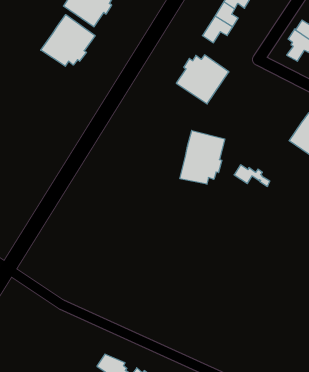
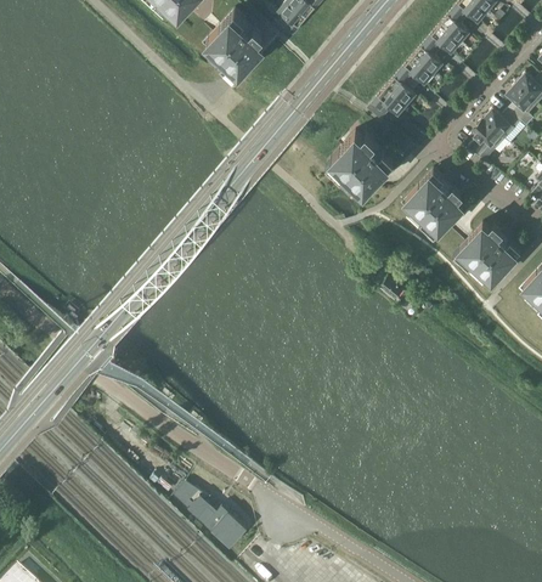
building: [41,15,95,66] -> none
building: none -> [401,171,464,238]
building: [180,130,225,184] -> none

